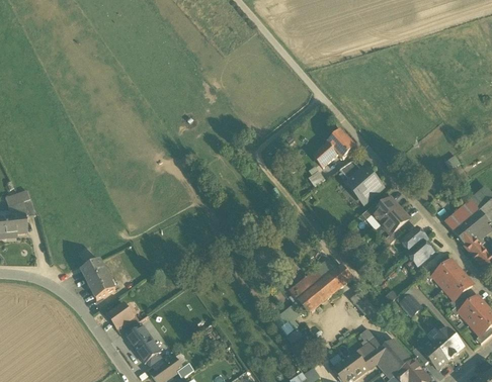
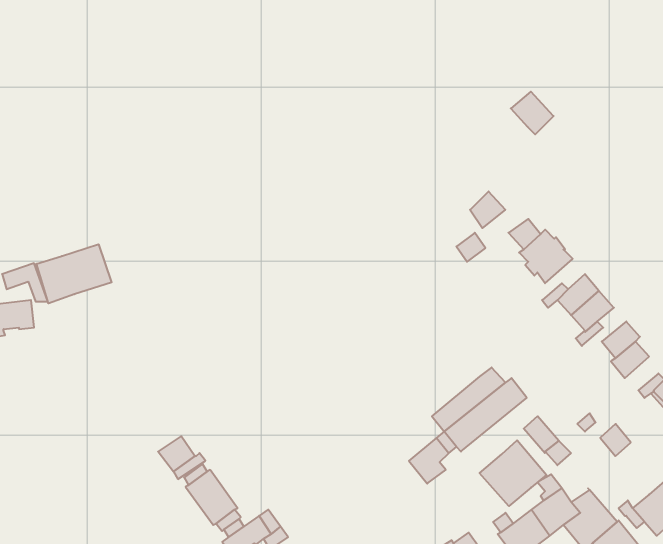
building: [326,130,354,159] -> [511,92,554,134]
building: none -> [36,244,112,303]
building: [80,259,114,298] -> none
building: none -> [480,440,546,506]

